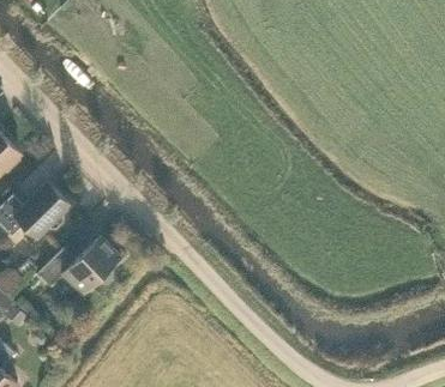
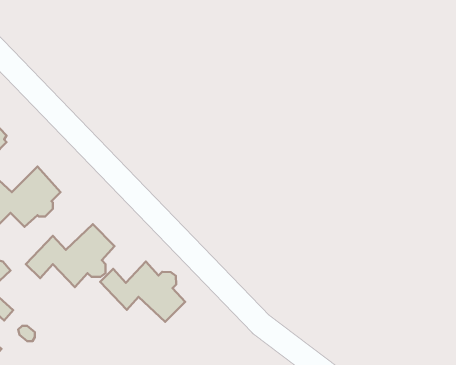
building: none -> [100,261,185,322]

